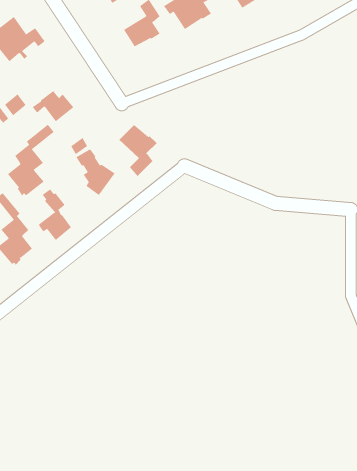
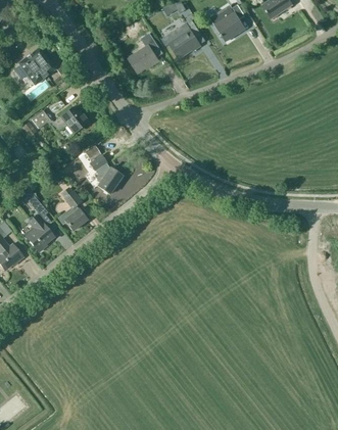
building: [7,124,54,196] -> none
building: [119,124,157,177] -> none

